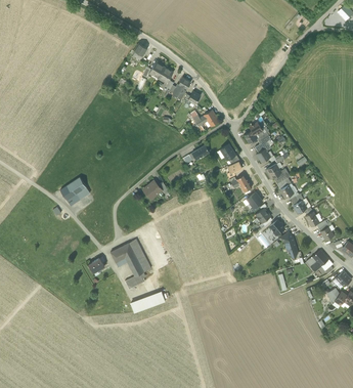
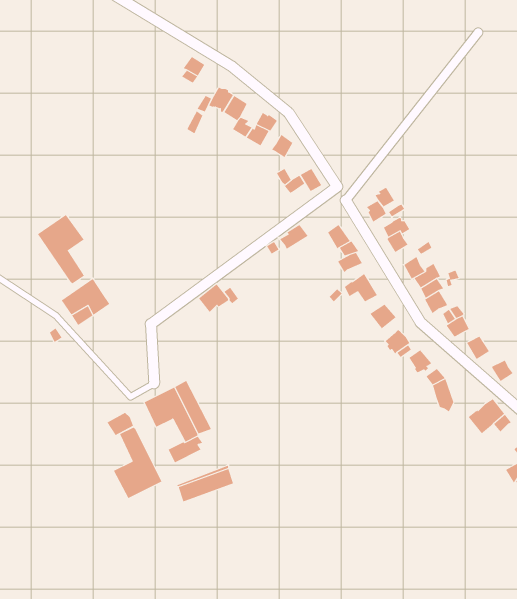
building: none -> [37,214,85,284]
building: none -> [113,427,162,499]

